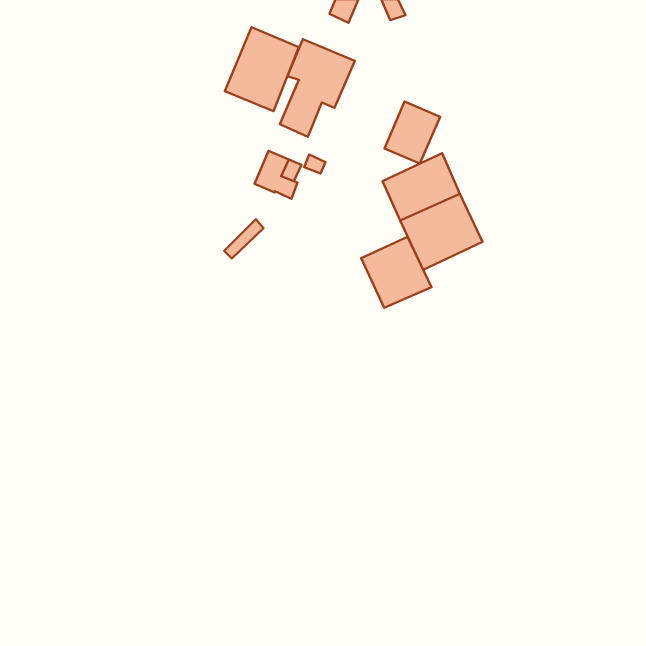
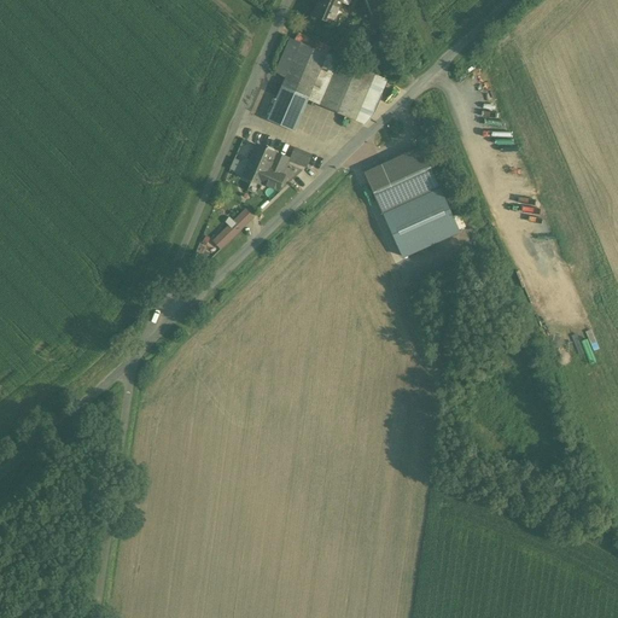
building: [225,27,299,111] -> none
building: [384,102,440,164] -> [320,59,373,118]
building: [361,237,431,308] -> none

